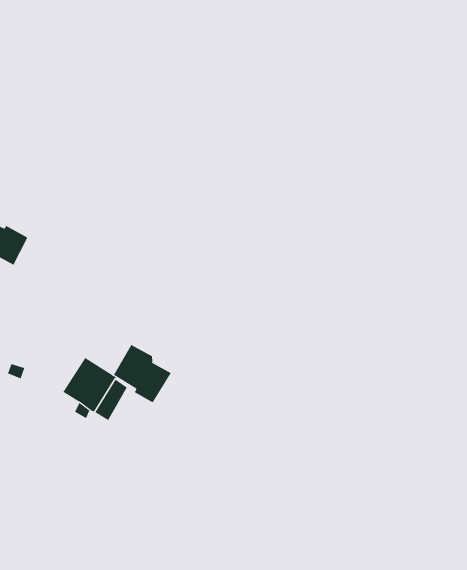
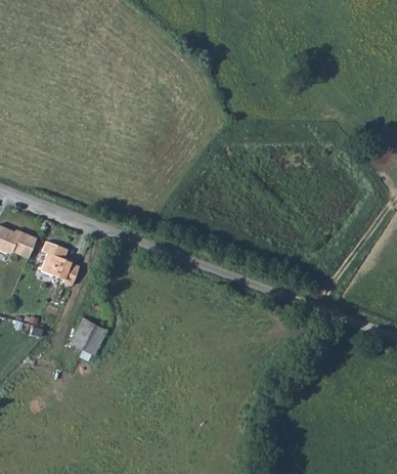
building: none -> [40,241,79,286]
building: [113,344,172,403] -> none

